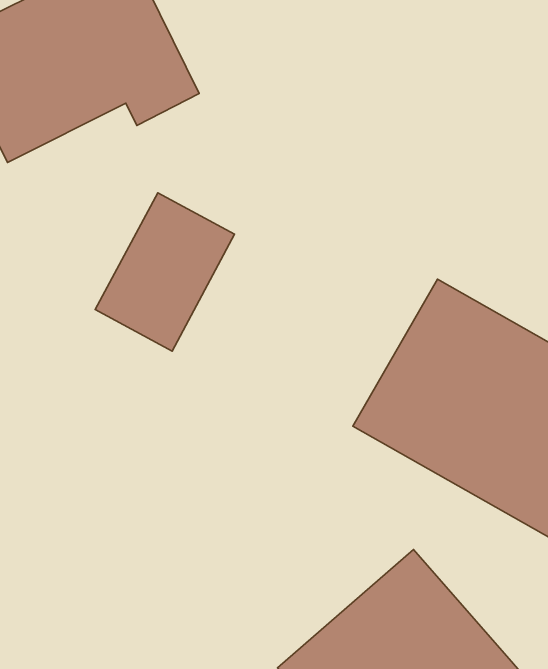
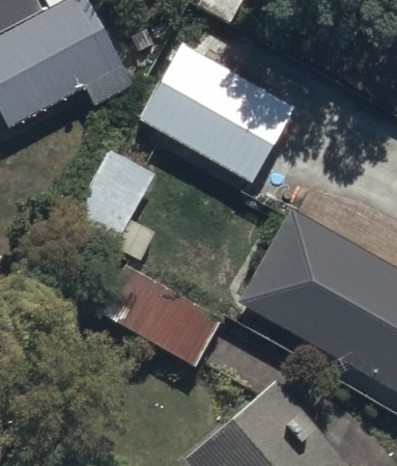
building: none -> [138,44,295,187]
building: none -> [97,266,223,371]

